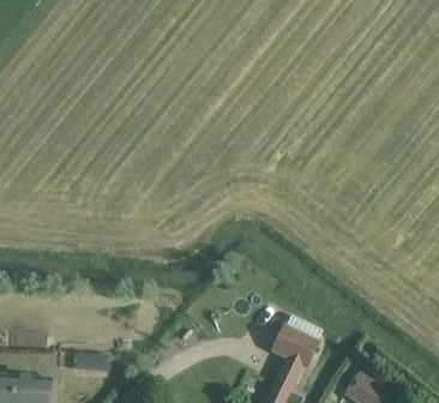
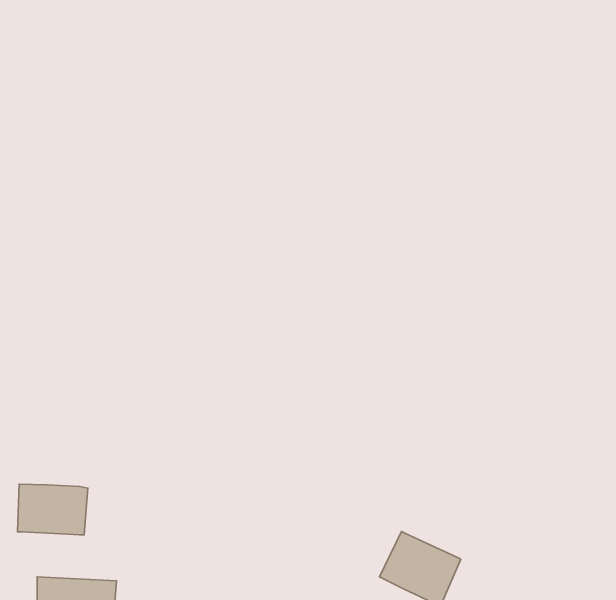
building: none -> [18,484,88,535]

